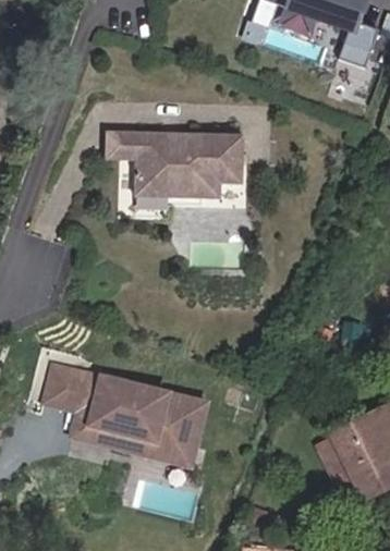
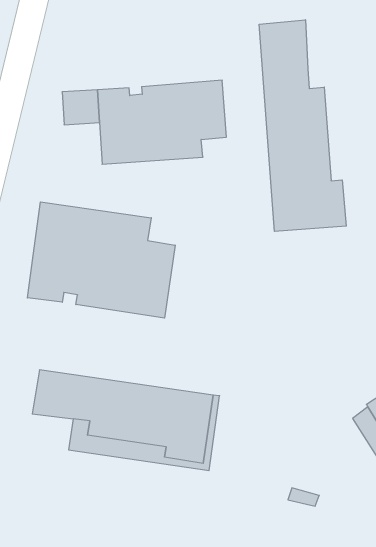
building: none -> [259,20,346,231]
building: none -> [27,202,175,318]

